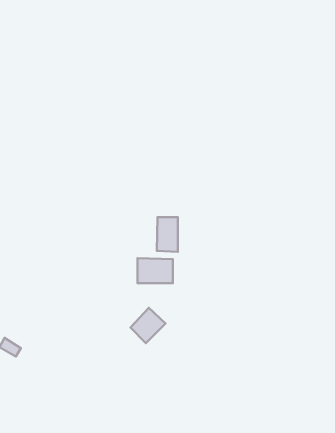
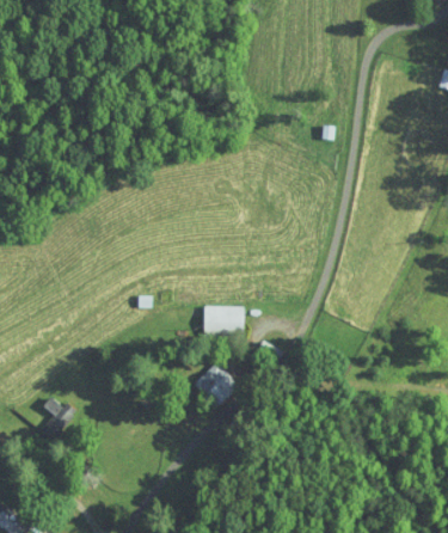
building: [157,217,178,252] -> none

